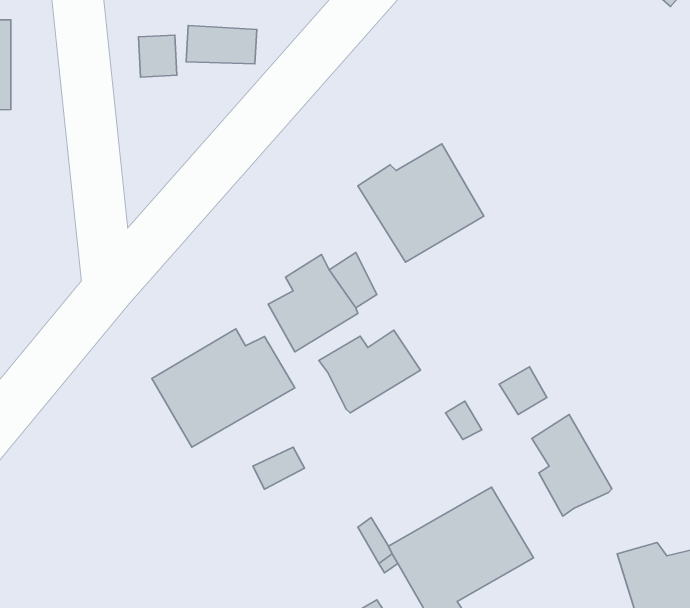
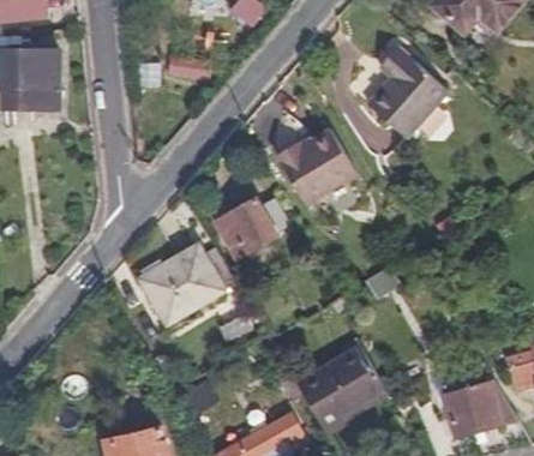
building: none -> [366,48,446,138]
building: [319,330,421,413] -> none
building: [532,415,612,516] -> none

